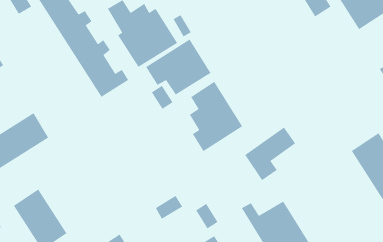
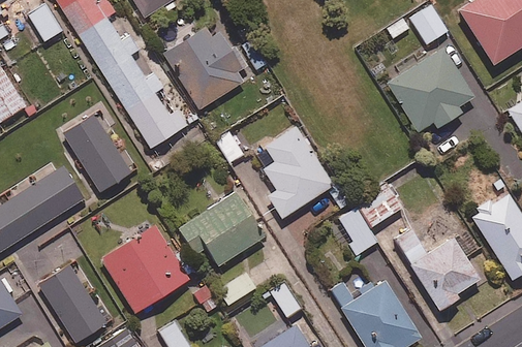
building: none -> [387,48,478,131]
building: [145,39,212,96] -> [178,192,264,265]
building: none -> [62,114,130,192]
building: none -> [100,224,188,312]
building: none -> [394,228,480,310]

